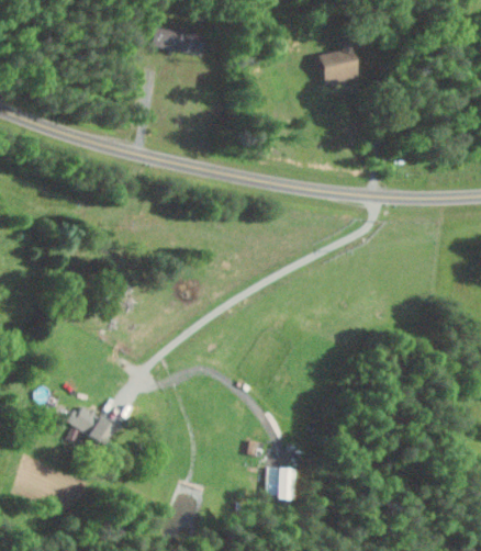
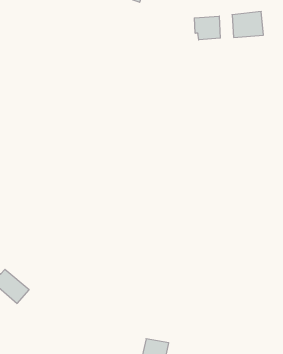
building: none -> [194,16,220,40]

